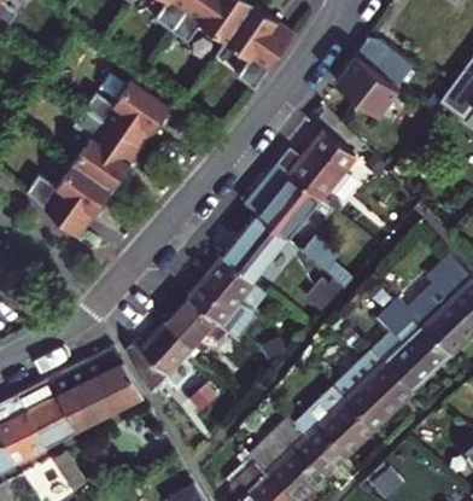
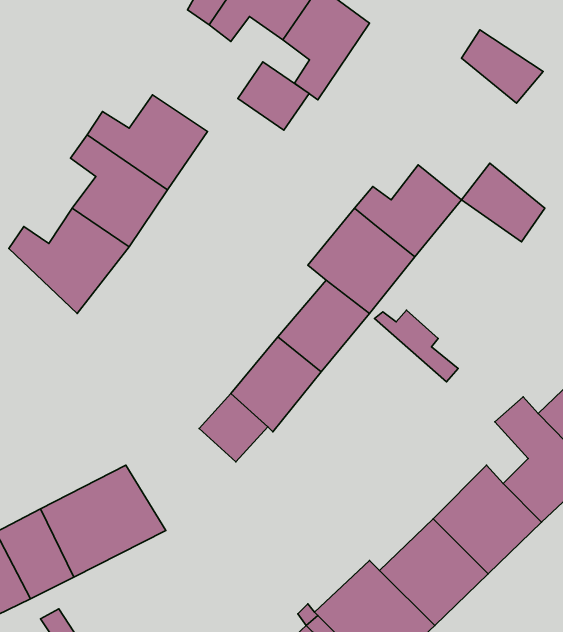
building: [333,57,393,113] -> [461,163,545,242]
building: none -> [238,62,309,130]
building: [124,325,191,394] -> none

